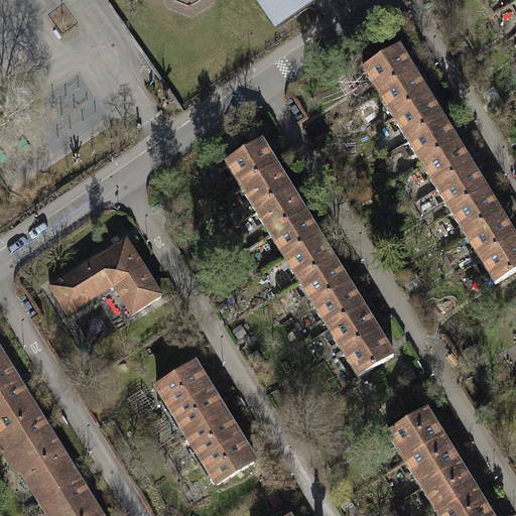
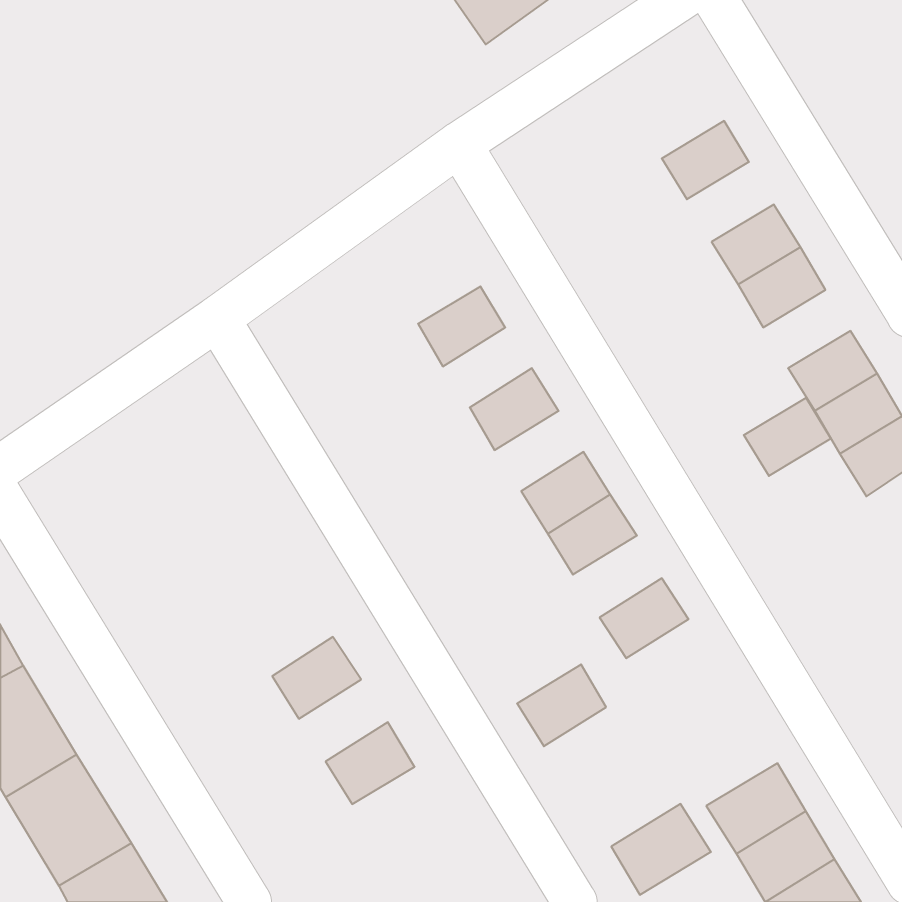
building: [364,44,414,90] -> none
building: [393,92,442,137] -> none
building: [226,138,276,183] -> none
building: [436,164,486,209] -> [744,398,831,476]
building: [255,185,305,231] -> none
building: [284,233,335,278] -> none
building: [50,236,161,310] -> none
building: [329,303,379,350] -> [517,664,606,746]
building: [173,385,224,431] -> none
building: [388,405,444,457] -> [611,804,711,895]
building: [204,434,254,480] -> none

